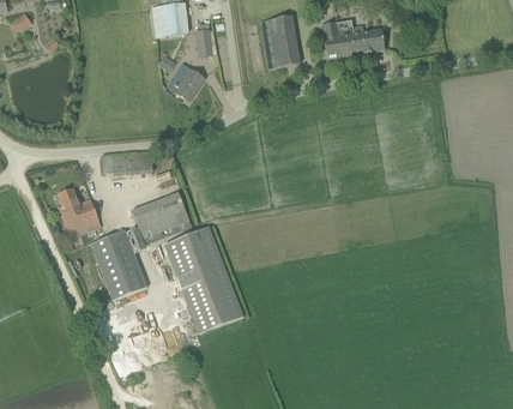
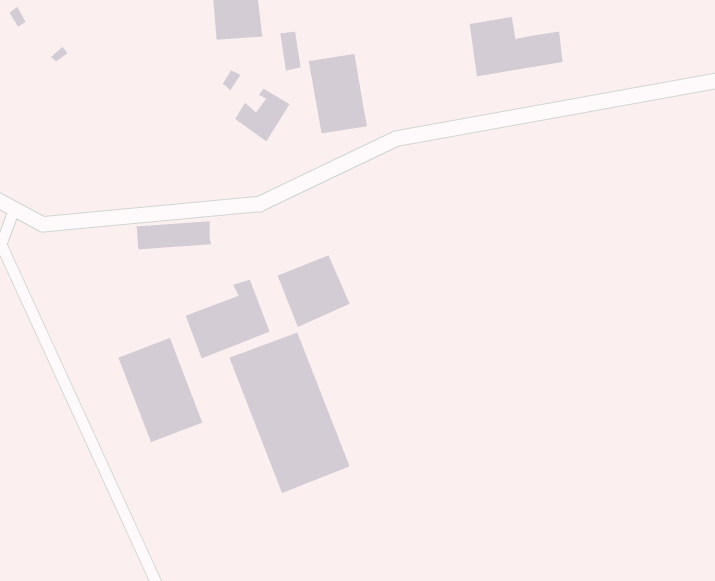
building: [260,14,300,67] -> [308,54,368,134]
building: none -> [277,255,350,328]
building: [58,187,99,236] -> none

